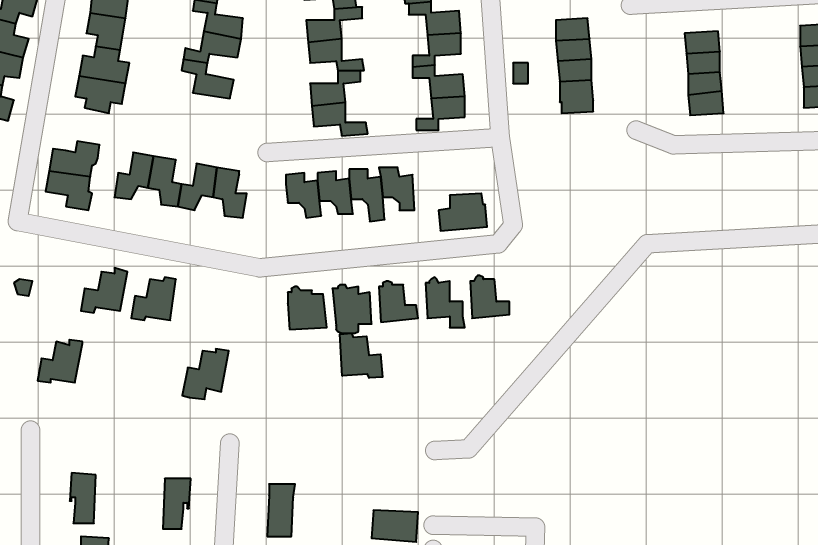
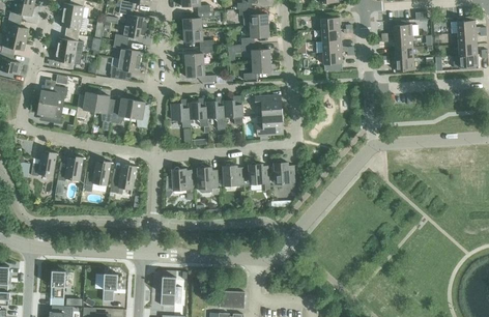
building: none -> [110,59,140,81]
building: none -> [255,95,281,116]
building: [340,333,383,378] -> none
building: [38,340,82,383] -> [31,152,56,176]
building: [182,349,229,399] -> [110,166,136,194]

